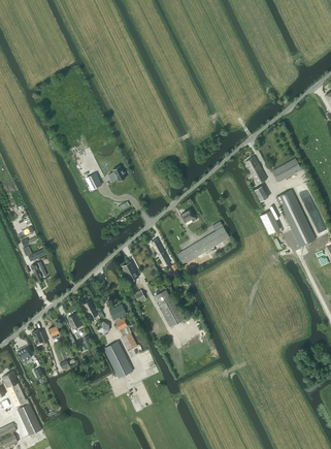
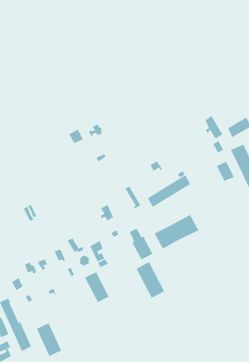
building: none -> [154,214,199,249]
building: none -> [136,261,165,299]
building: none -> [36,323,62,357]

